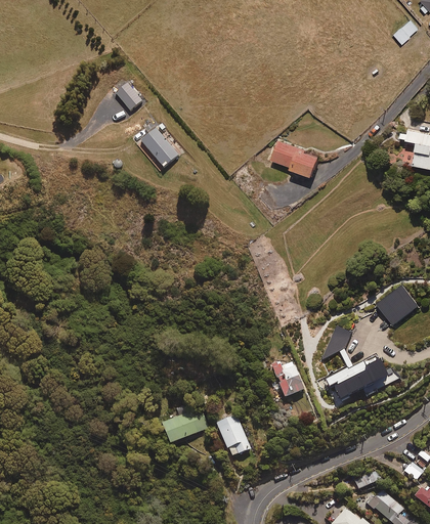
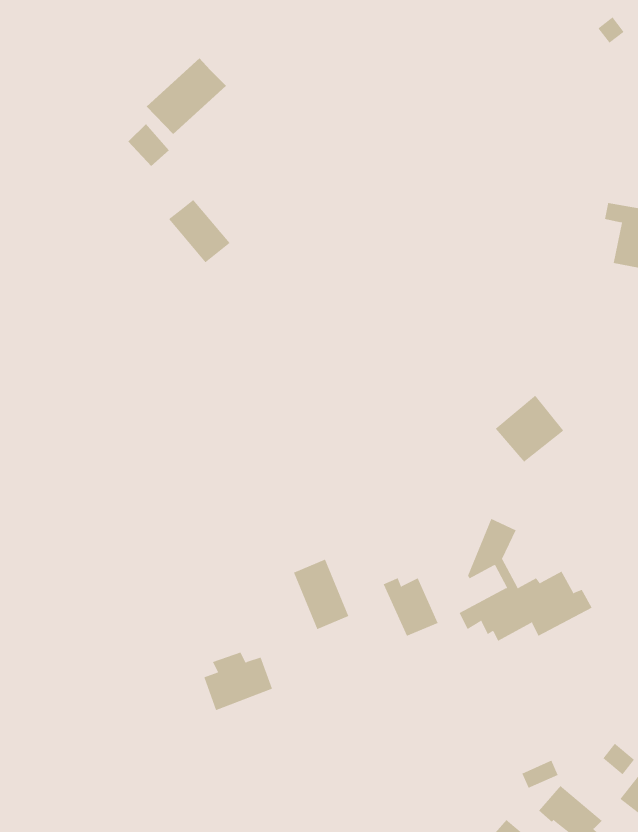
building: none -> [146,58,227,135]
building: [272,143,320,182] -> none
building: [377,283,419,324] -> [495,395,564,463]
building: [217,412,251,455] -> [293,559,349,630]

